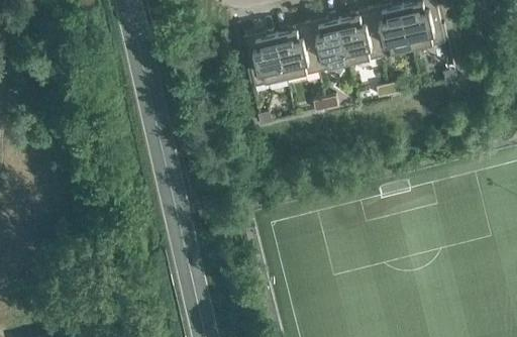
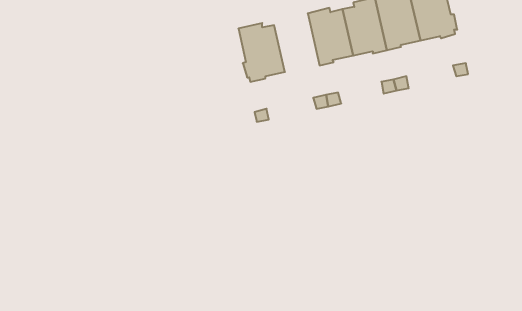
building: [272,27,314,82] -> none

